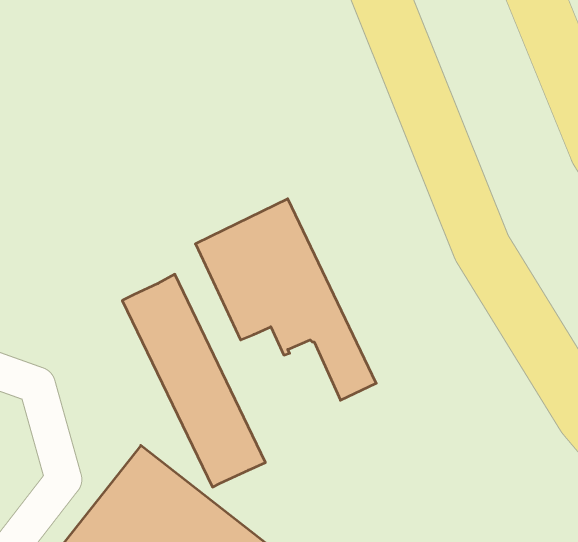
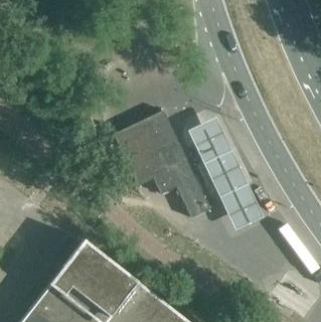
building: [122,274,265,487] -> [189,116,266,229]

